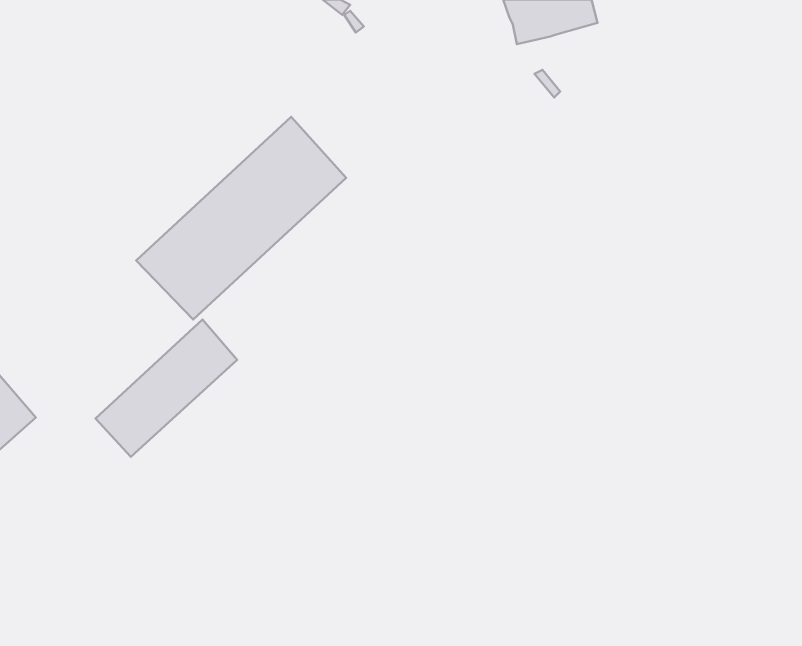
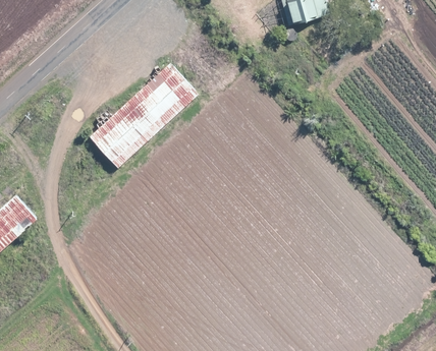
building: [96,319,237,457] -> none

